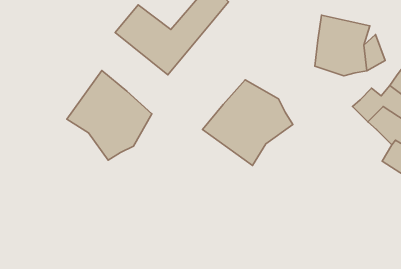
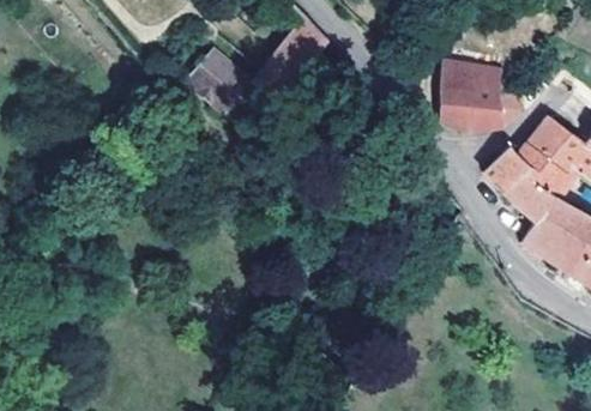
building: [67,71,152,160] -> none
building: [203,80,293,166] -> none

